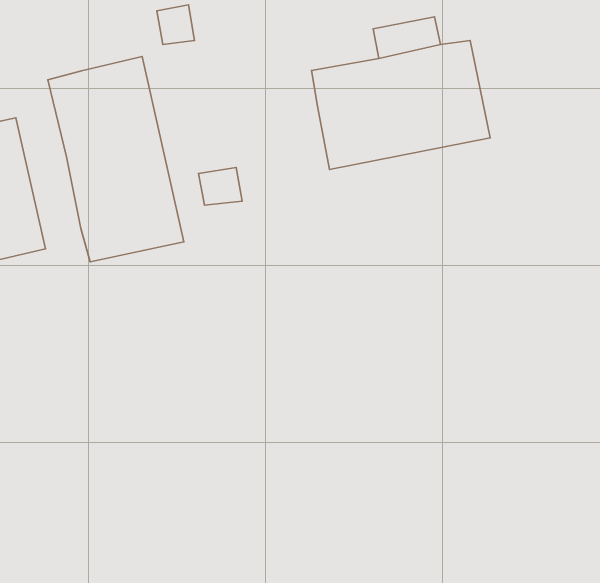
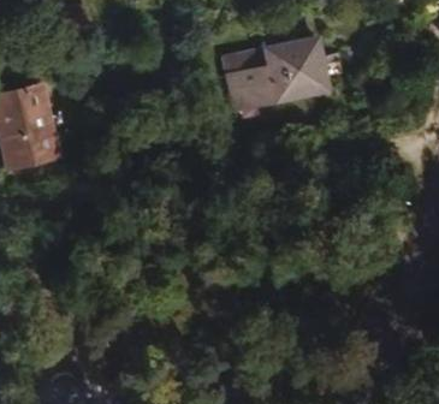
building: [48,57,184,262] -> none

